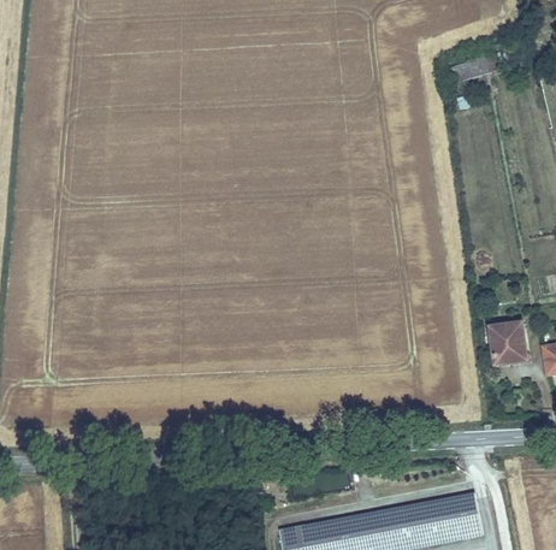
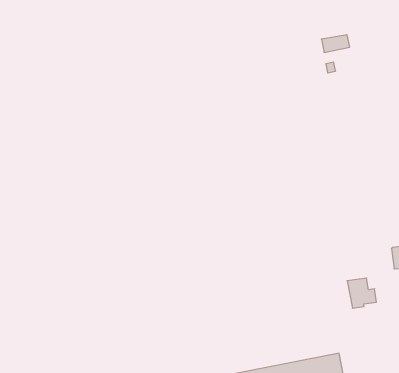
building: [490,329,530,369] -> [347,278,376,308]

